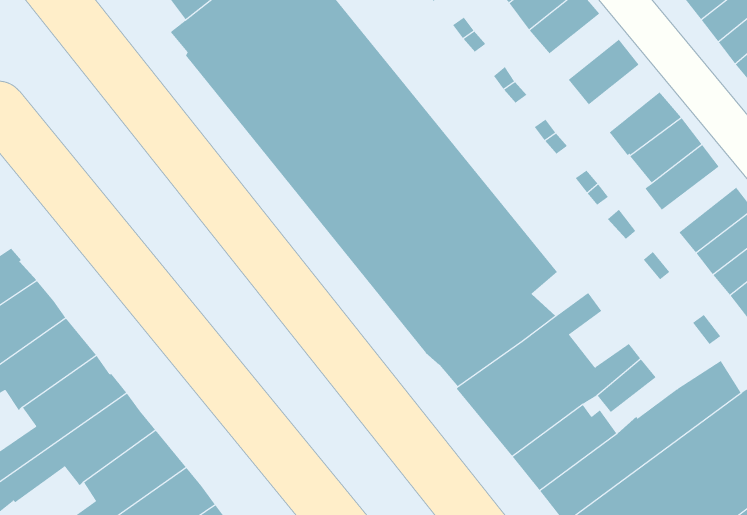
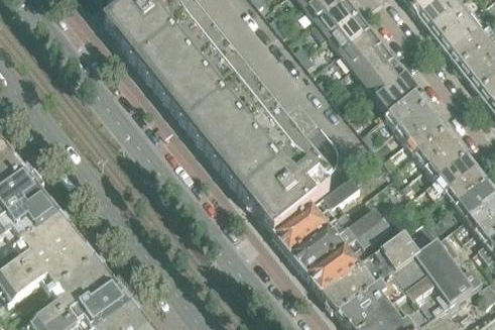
building: none -> [328,10,369,49]
building: none -> [351,40,393,81]
building: none -> [394,101,439,140]

